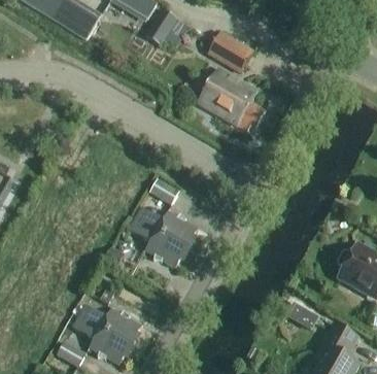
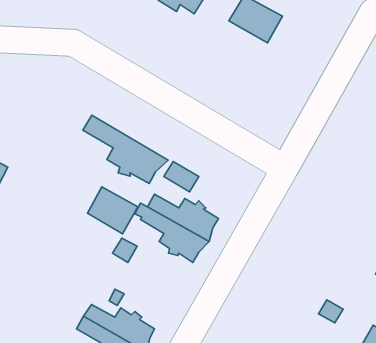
building: [197,67,266,131] -> none
building: none -> [83,115,168,184]
building: none -> [87,187,138,234]

